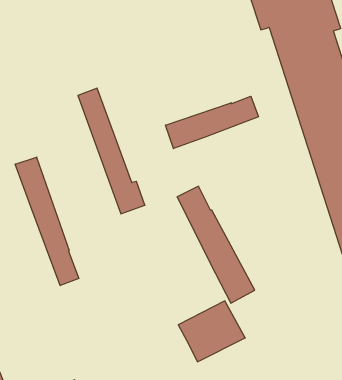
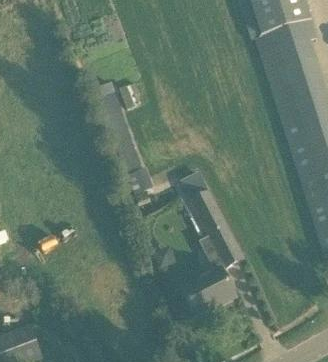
building: [166,96,258,149] -> none
building: [15,157,79,286] -> none

